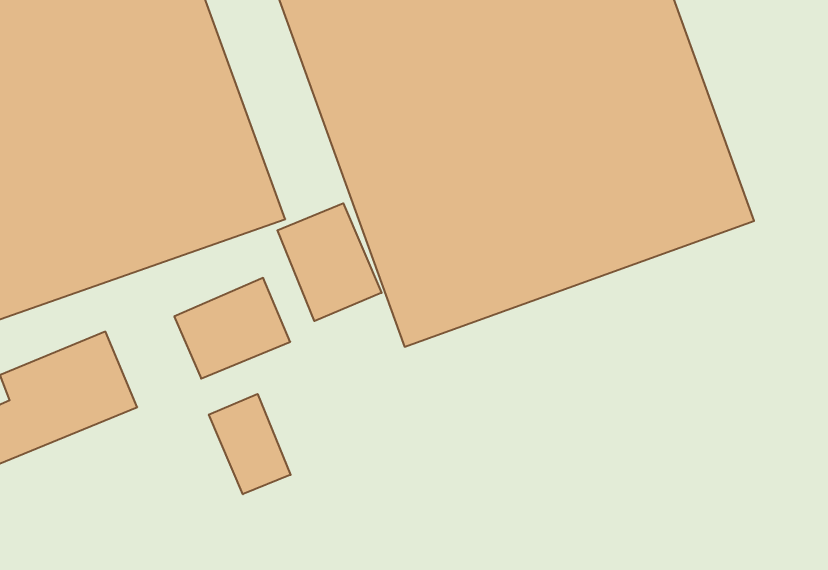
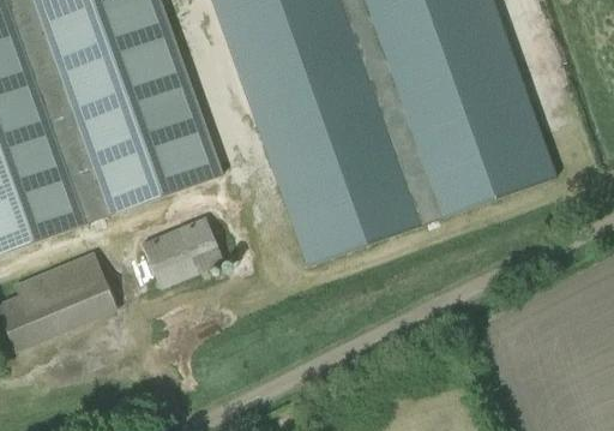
building: [277,203,382,321] -> none
building: [209,394,291,494] -> none

